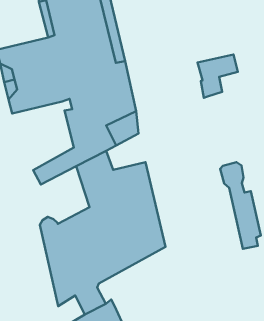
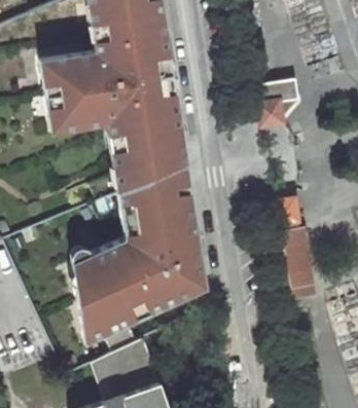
building: none -> [148,160,190,198]

